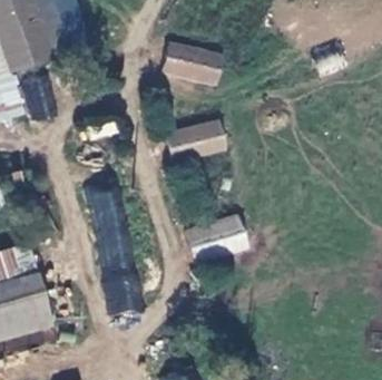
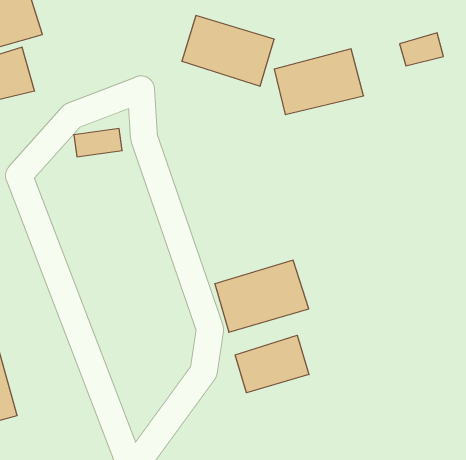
building: [166,118,229,165] -> [274,49,364,115]
building: none -> [235,335,309,393]

